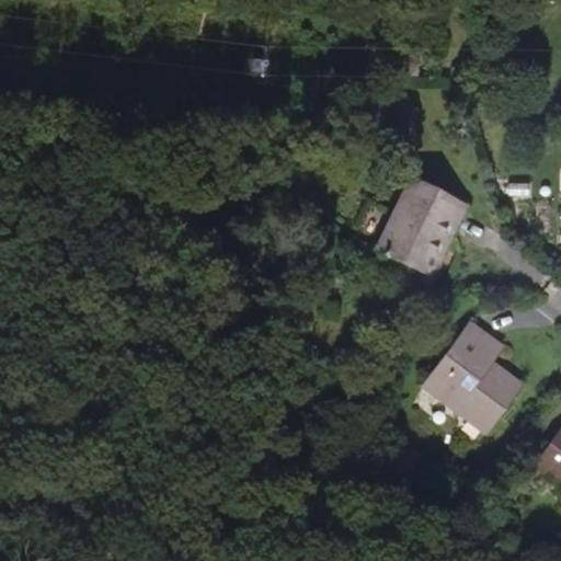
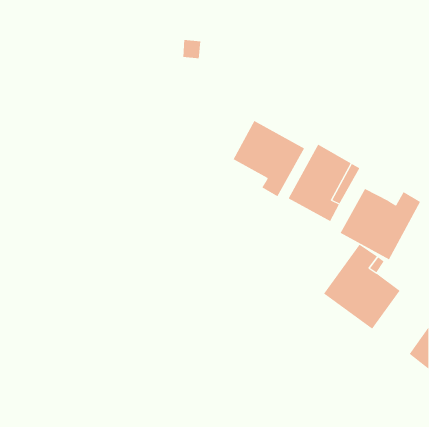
building: none -> [233,120,305,197]
building: none -> [340,188,421,260]

